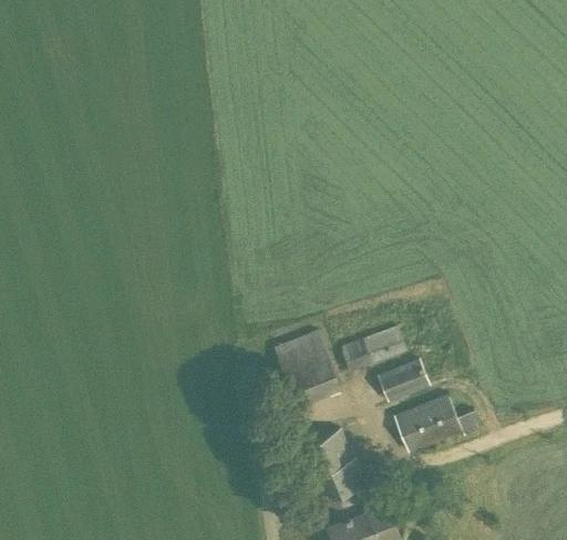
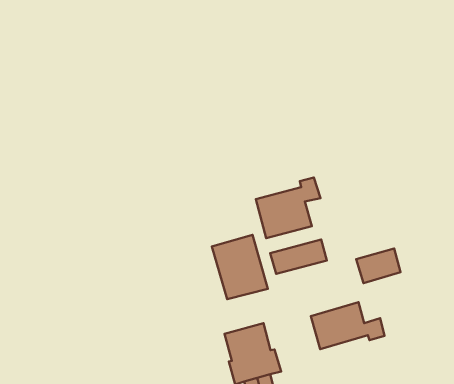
building: none -> [256,177,320,238]
building: [378,360,430,403] -> [356,248,400,283]

